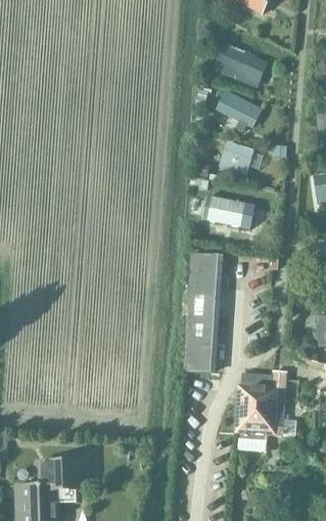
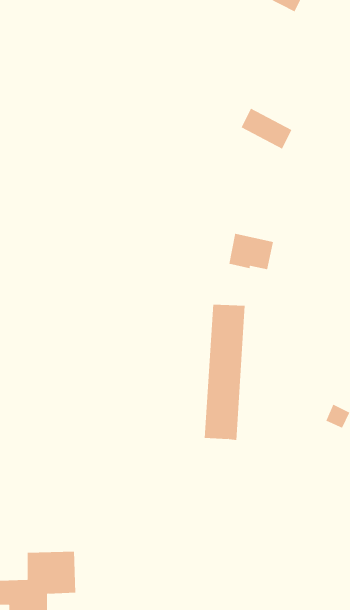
building: [212,43,266,87] -> none
building: [219,142,253,175] -> none
building: [237,379,286,445] -> none

